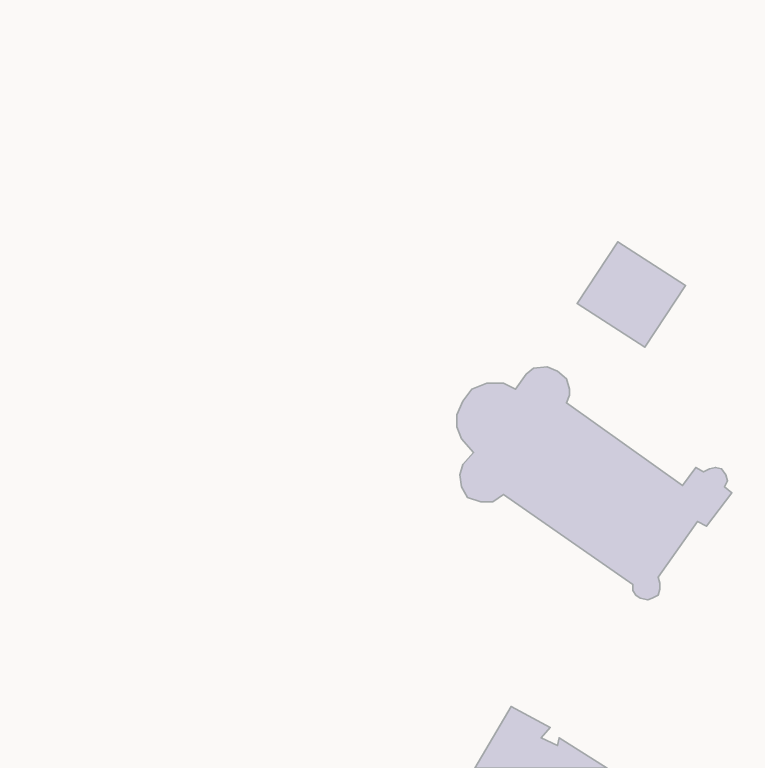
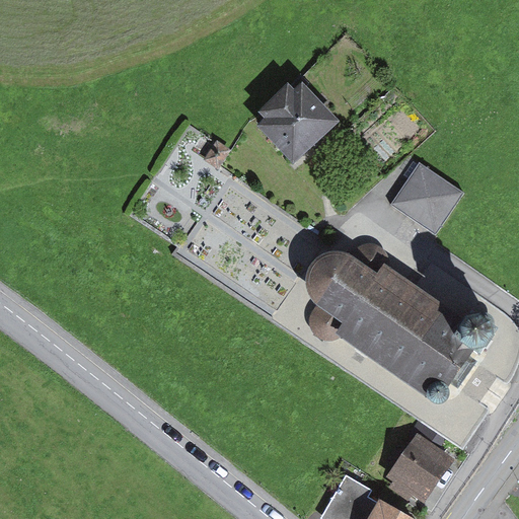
building: none -> [255,80,338,163]
building: none -> [390,425,441,500]

